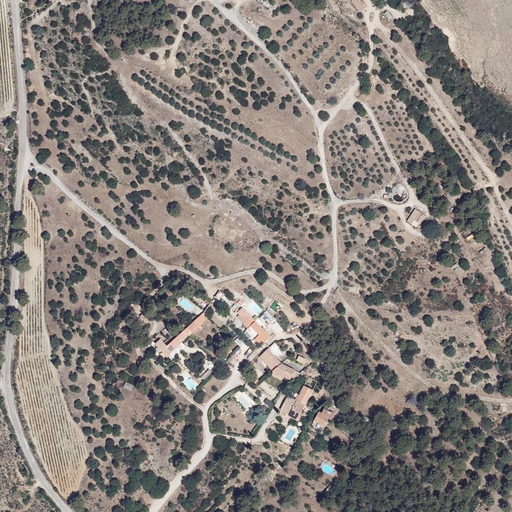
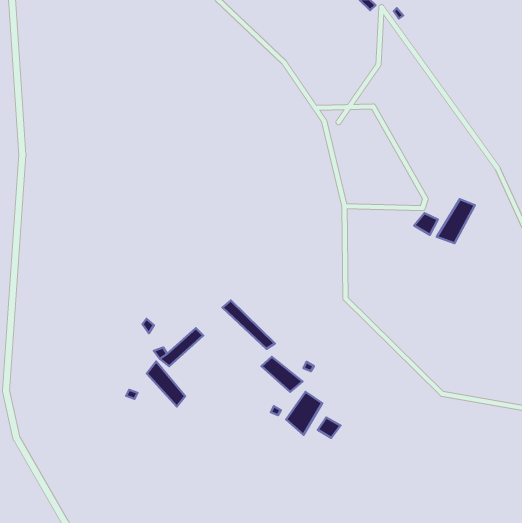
building: none -> [437,199,475,243]
building: none -> [147,361,185,406]

